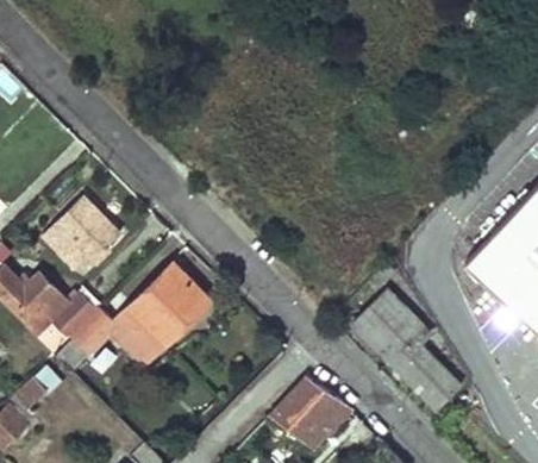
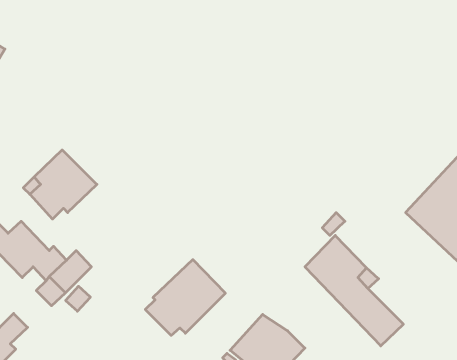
building: [123,263,211,346] -> [145,260,225,335]

